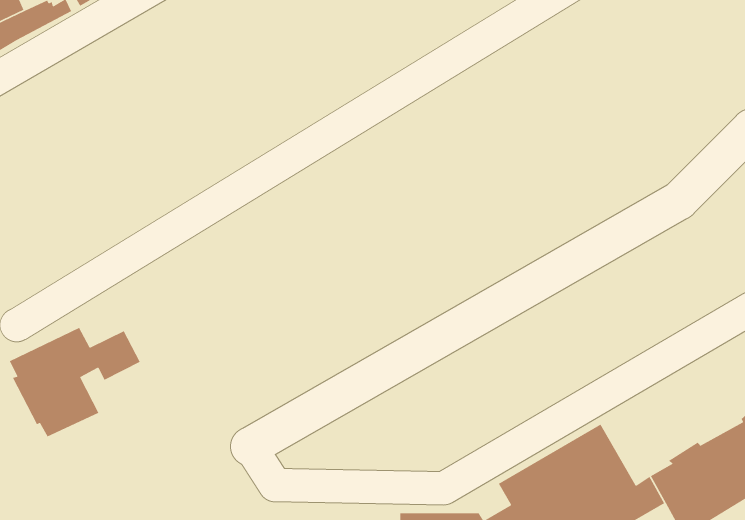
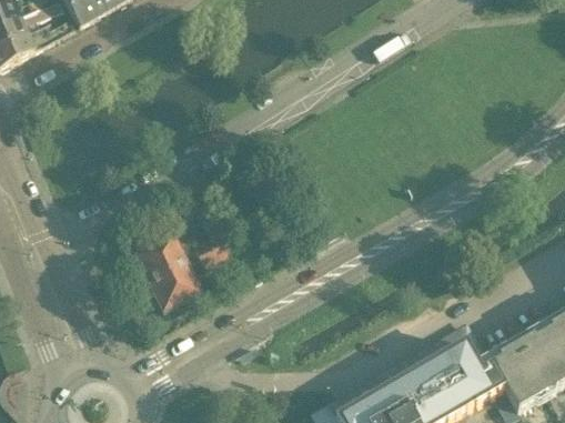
building: [9,327,141,438] -> [135,230,231,310]

